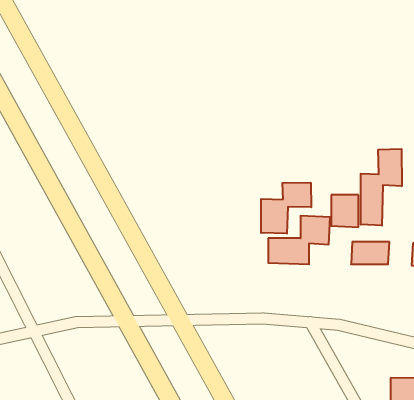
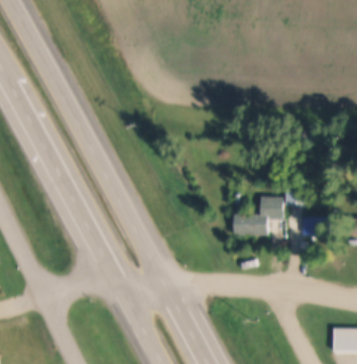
building: [361,149,402,226] -> none
building: [261,183,311,234] -> none

